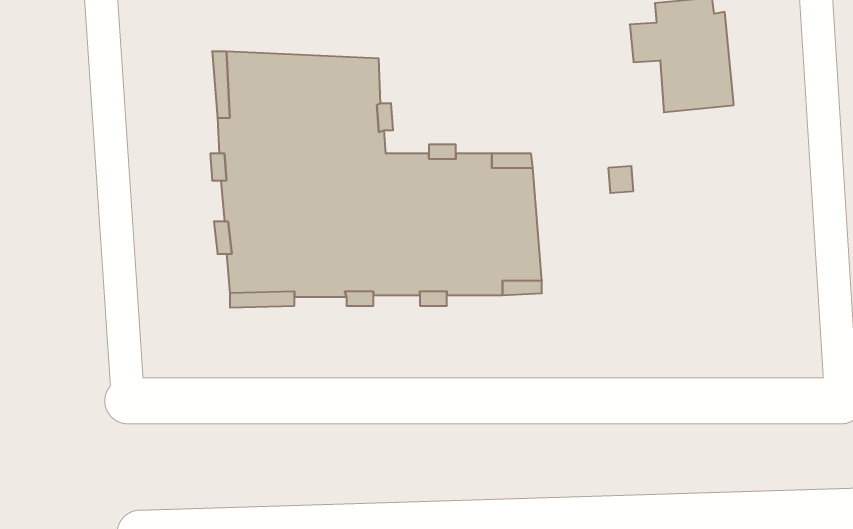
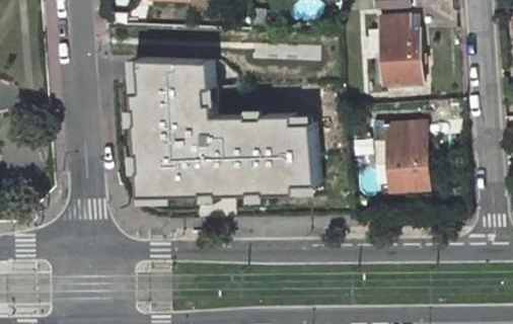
building: none -> [375,126,434,190]

